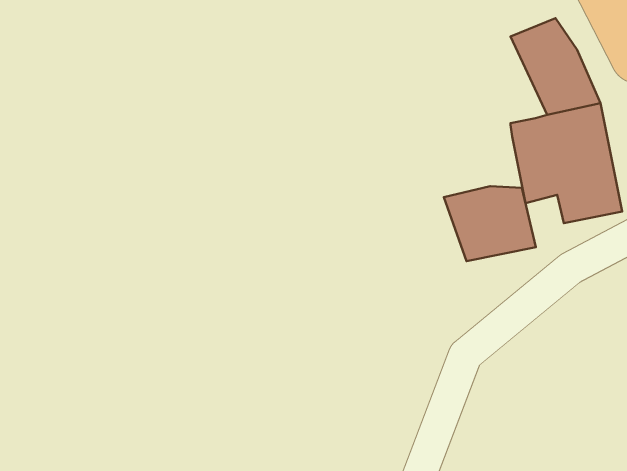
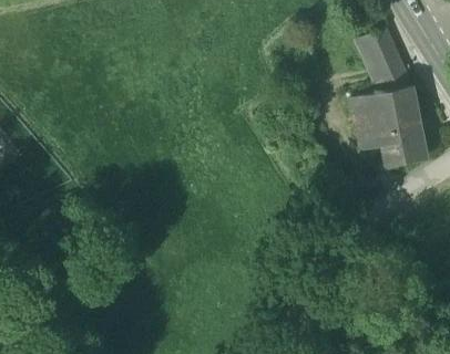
building: [444,186,536,261] -> none

